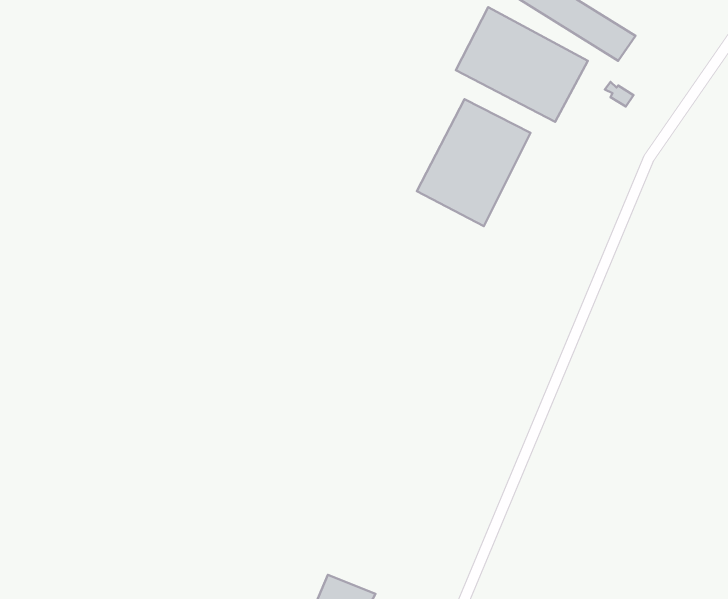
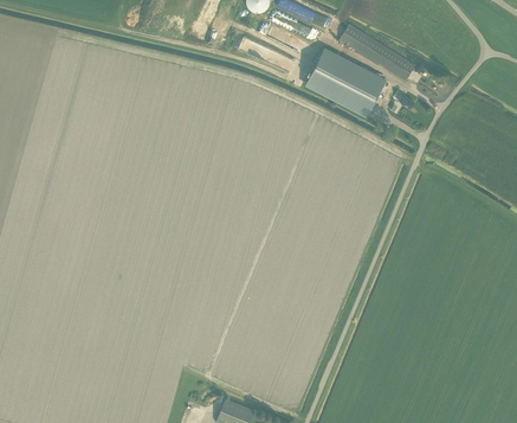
building: [417,99,530,226] -> none

